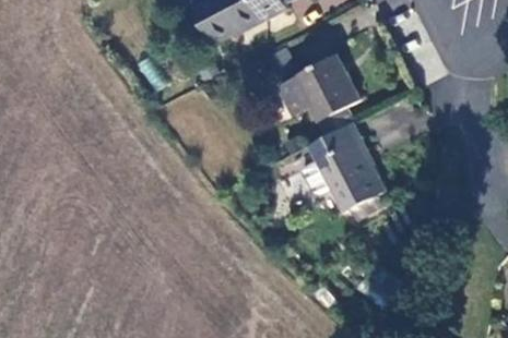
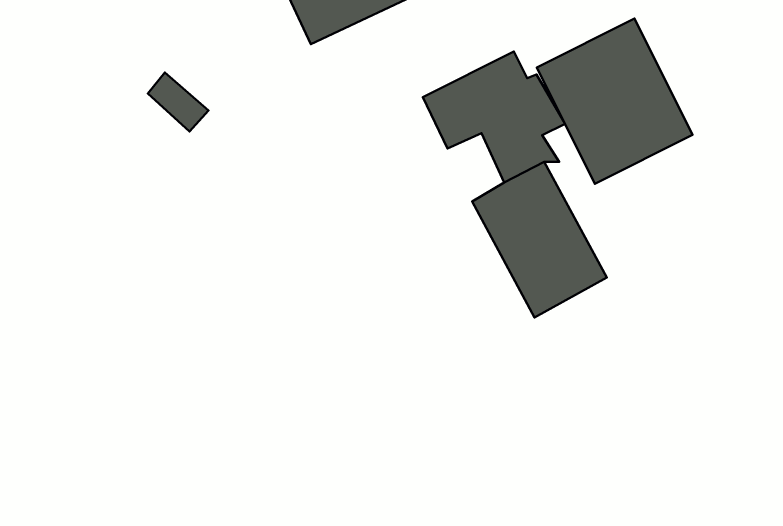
building: none -> [537,19,692,184]

